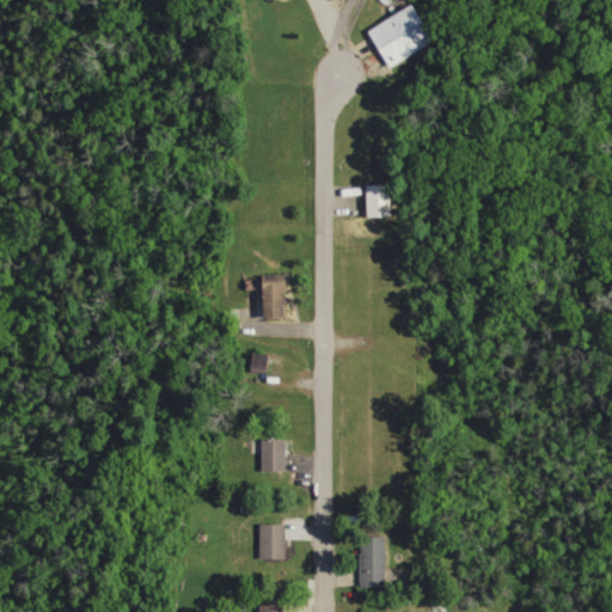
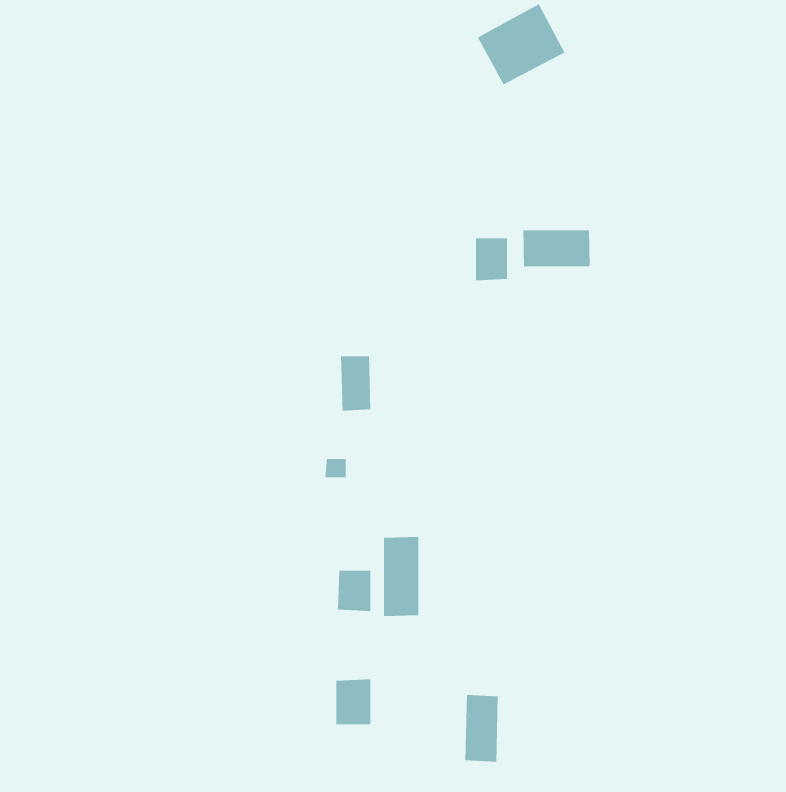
building: none -> [522,230,591,267]
building: none -> [383,536,419,617]

